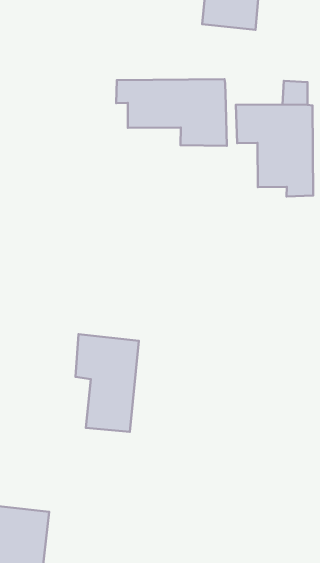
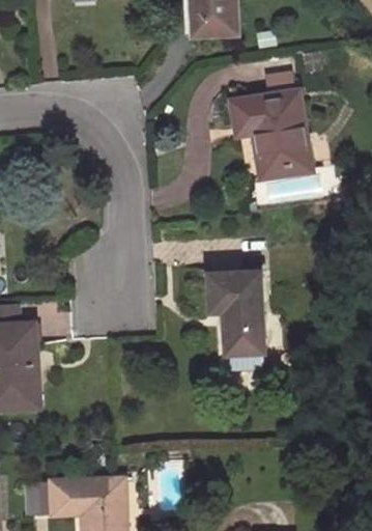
building: [116,79,227,146] -> none
building: [76,334,139,432] -> [206,272,263,354]

